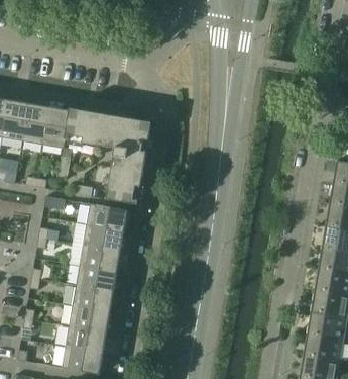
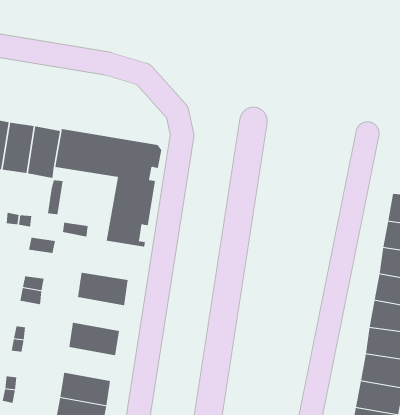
building: [86,203,128,230] -> none
building: [79,245,121,272] -> none
building: [72,285,114,312] -> none

